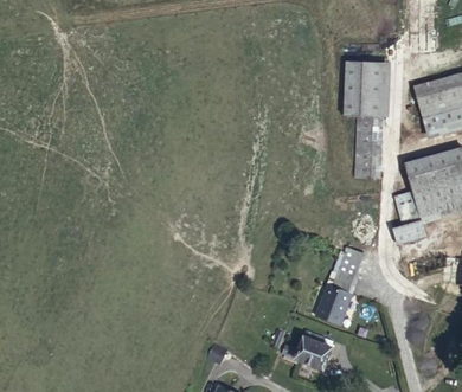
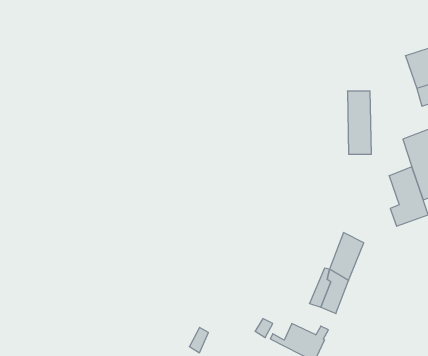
building: [344,65,379,118] -> none

